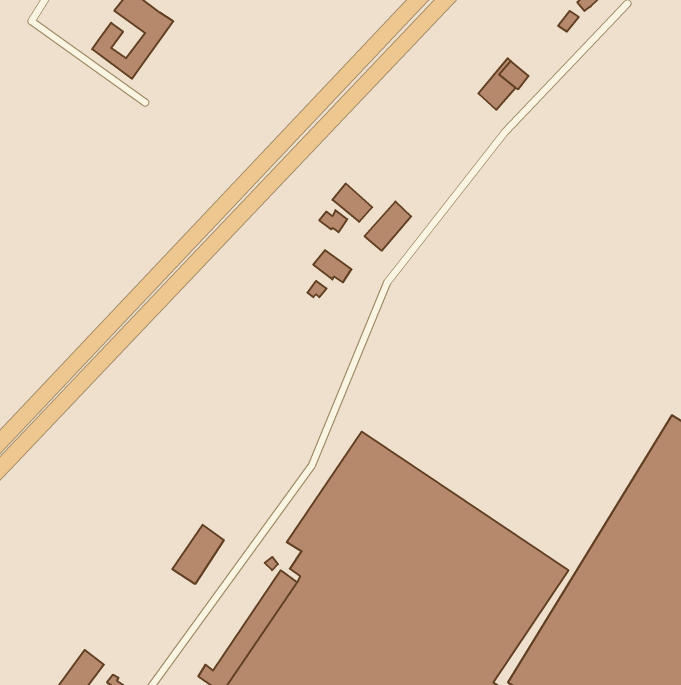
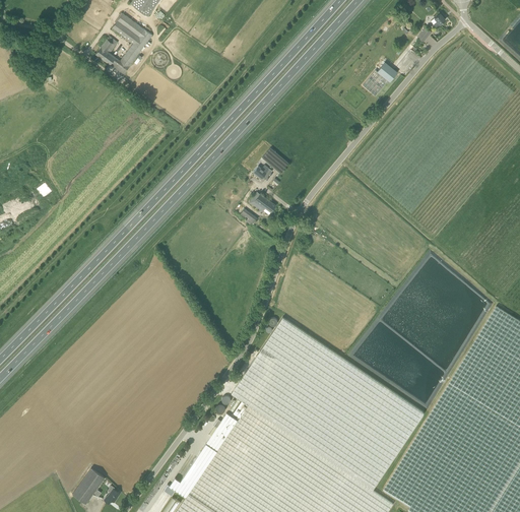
building: [365,201,411,251] -> none
building: [172,525,224,584] -> none

